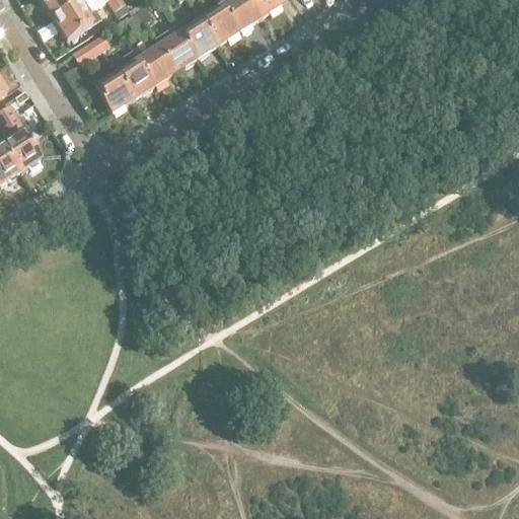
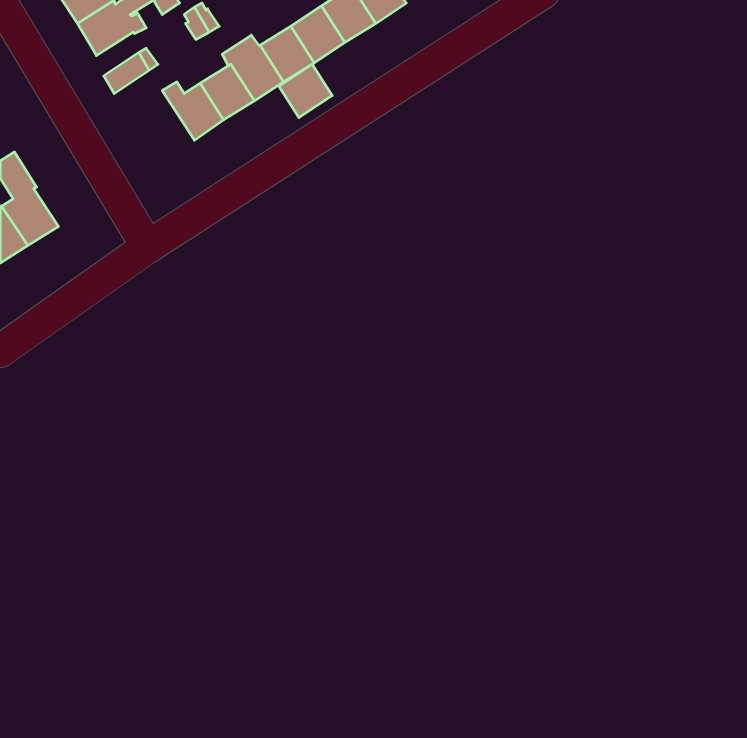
building: none -> [279,64,332,118]
building: [96,63,135,110] -> none

